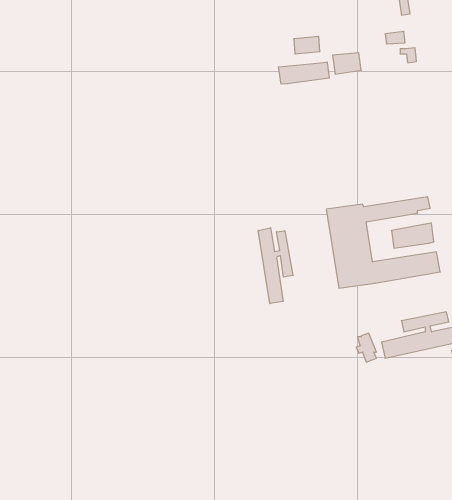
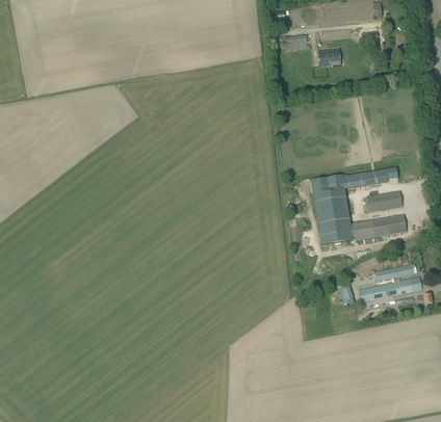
building: [279,62,329,84] -> none
building: [258,228,293,304] -> none

